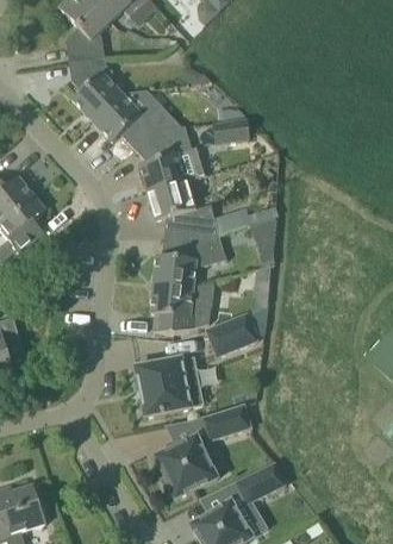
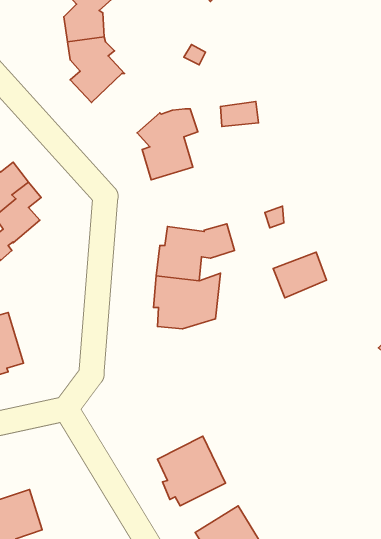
building: [92,89,180,149] -> none
building: [148,181,219,242] -> none
building: [206,314,256,357] -> [273,252,326,298]
building: [135,357,204,417] -> none
building: [202,404,251,442] -> none
building: [235,463,283,504] -> none

